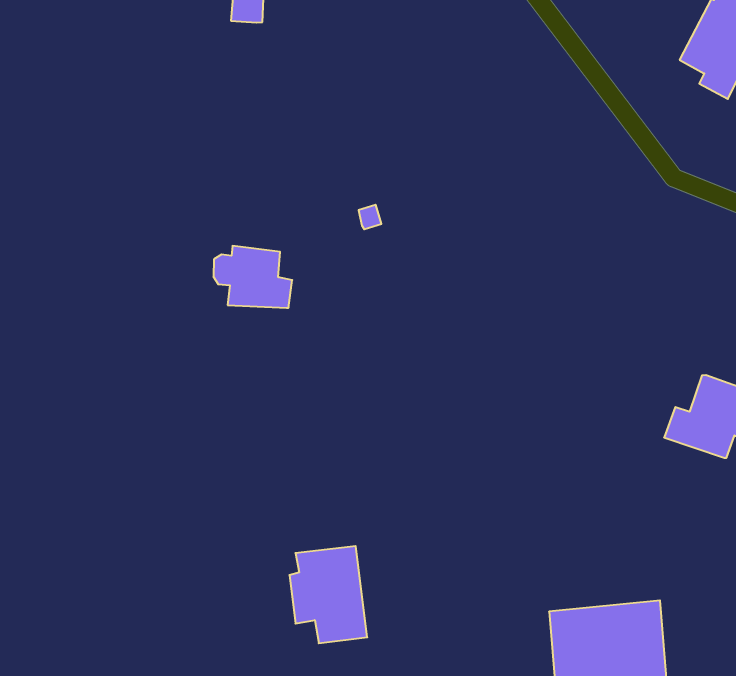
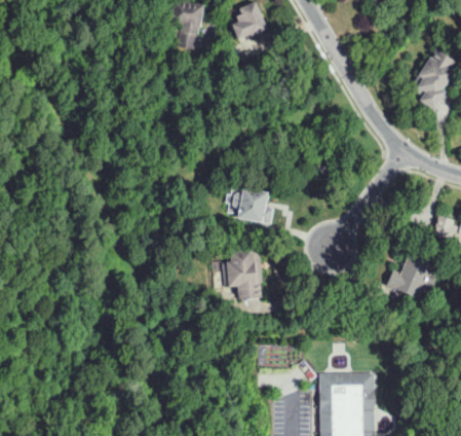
building: [213,246,292,308] -> [231,189,272,224]
building: [289,546,367,643] -> [225,249,263,298]

